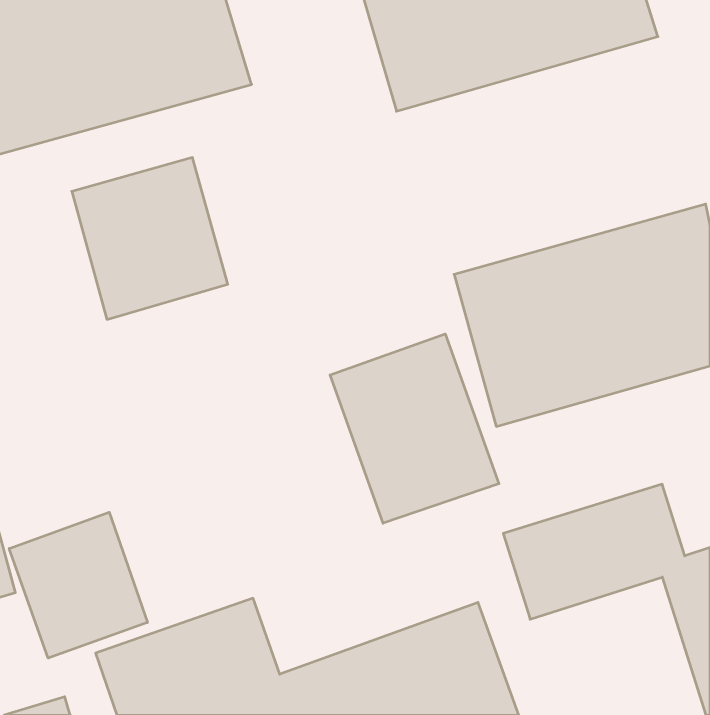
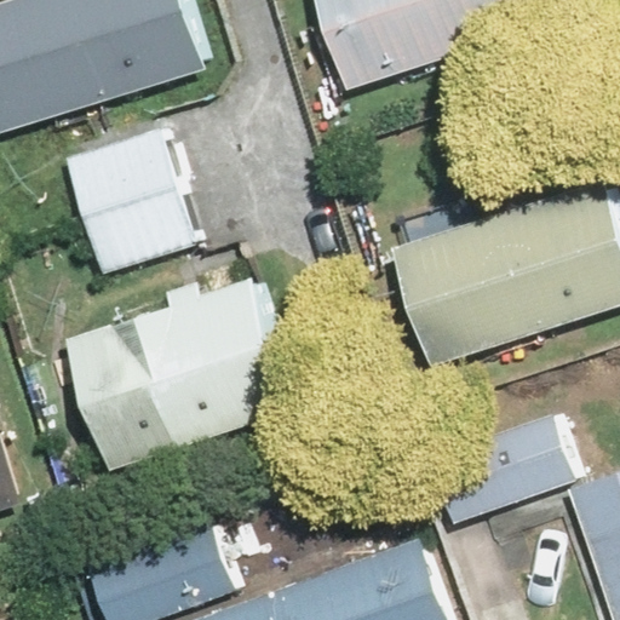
building: none -> [61,270,297,475]
building: [330,334,499,523] -> none
building: [9,512,147,658] -> none

